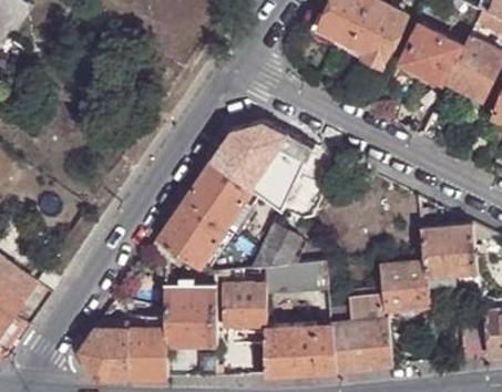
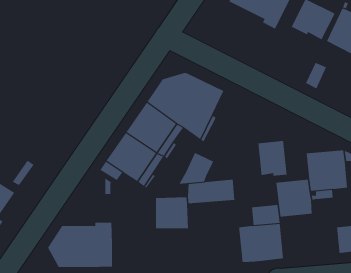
building: none -> [258,140,287,177]
building: [164,290,215,348] -> none
building: [265,326,336,376] -> none

